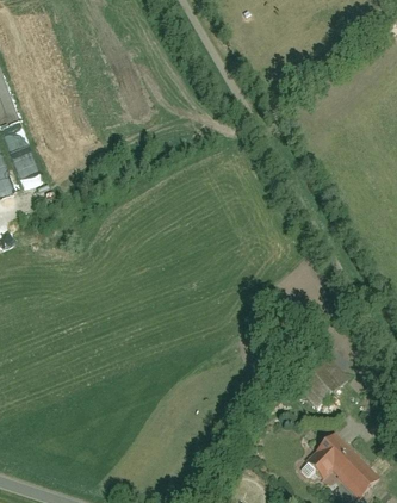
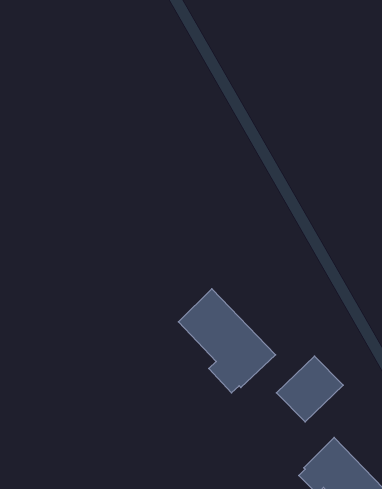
building: none -> [179,289,276,393]

